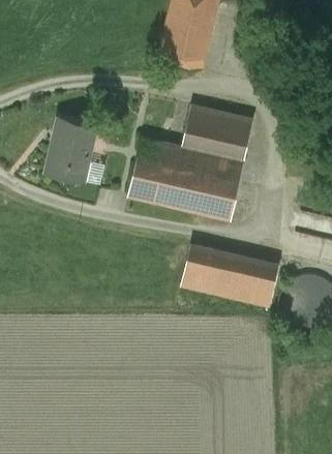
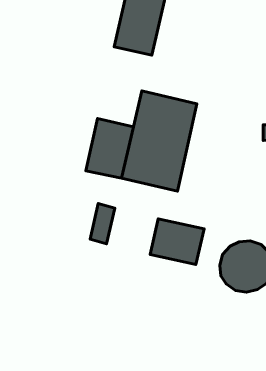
building: [44,116,96,181] -> none
building: [181,244,209,290] -> [90,203,115,244]
building: [251,261,278,305] -> none

